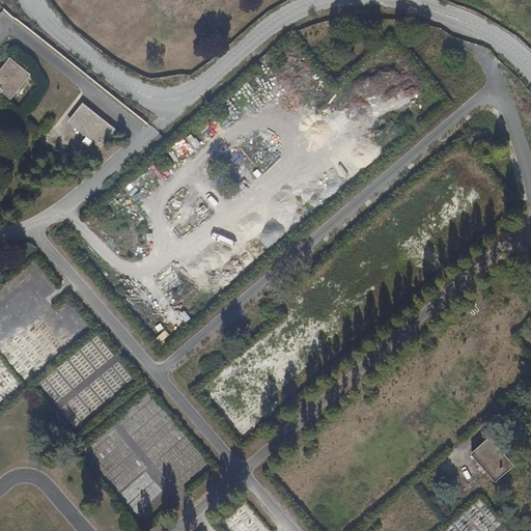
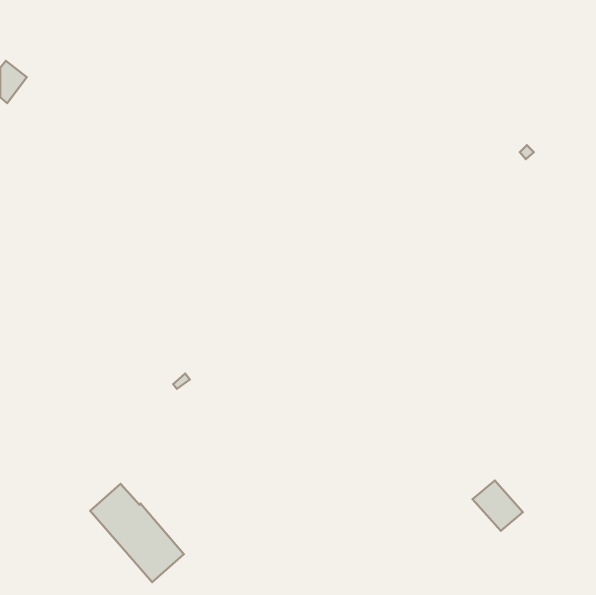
building: [67,103,111,143] -> none
building: [474,442,519,486] -> [473,480,523,531]

